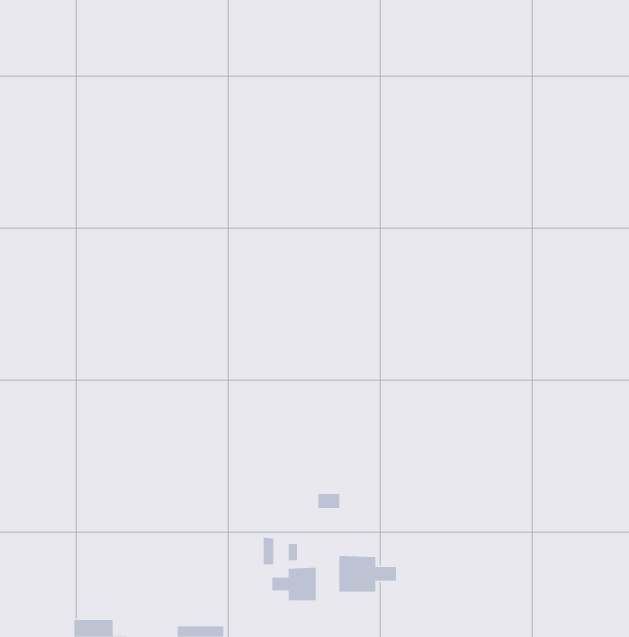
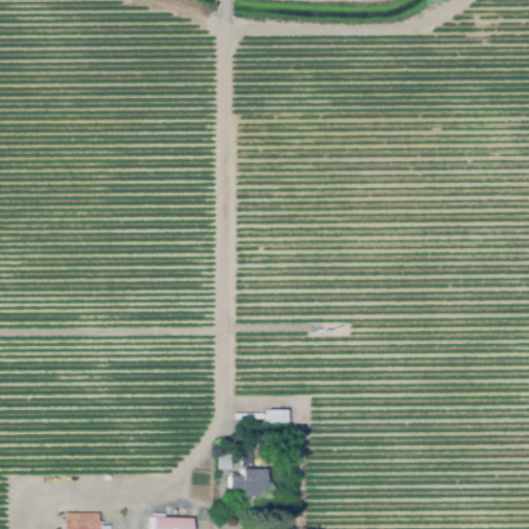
building: [339,555,397,593] -> none

